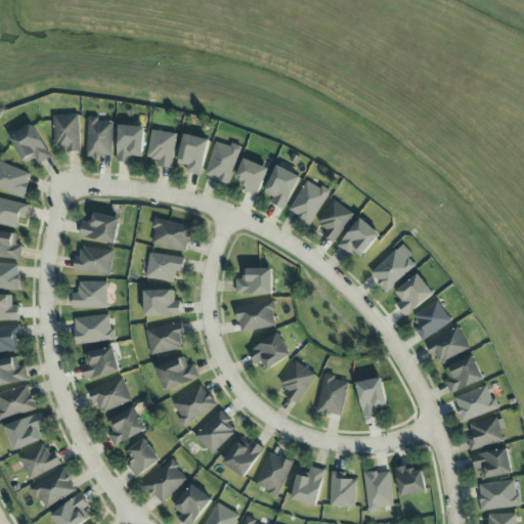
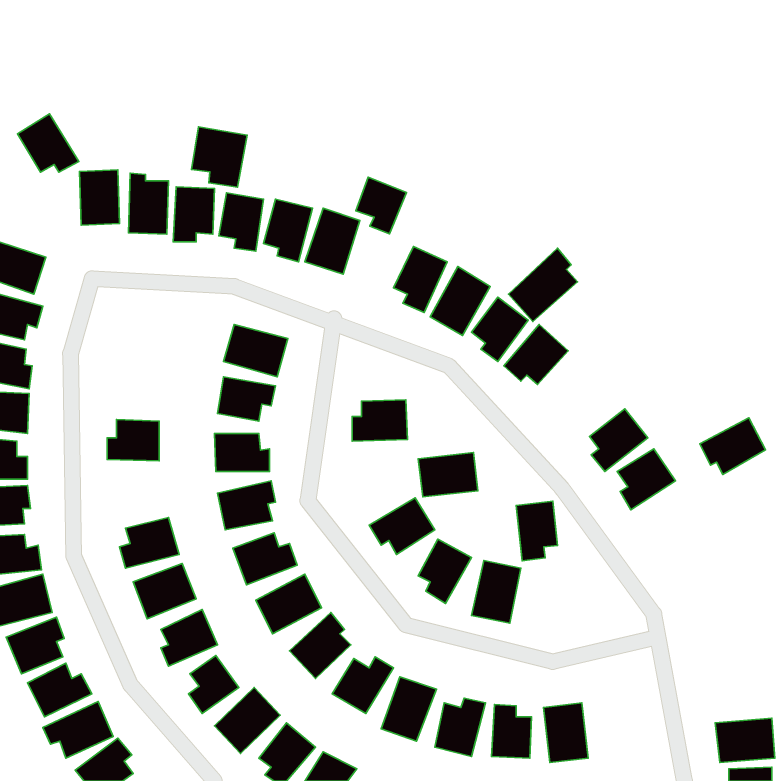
building: none -> [192,127,247,187]
building: [9,124,50,163] -> [17,114,79,172]
building: [234,158,268,195] -> [356,177,406,234]
building: [79,212,120,243] -> none
building: [369,243,416,292] -> [508,248,577,322]
building: [73,246,113,274] -> none
building: [235,301,275,331] -> [418,453,478,497]
building: [74,315,115,343] -> none
building: [425,326,469,364] -> [700,418,766,474]
building: [444,355,483,393] -> none
building: [357,378,385,418] -> [516,501,558,561]
building: [452,385,496,422] -> none
building: [466,416,504,450] -> none
building: [472,448,512,478] -> none
building: [394,464,426,496] -> none

